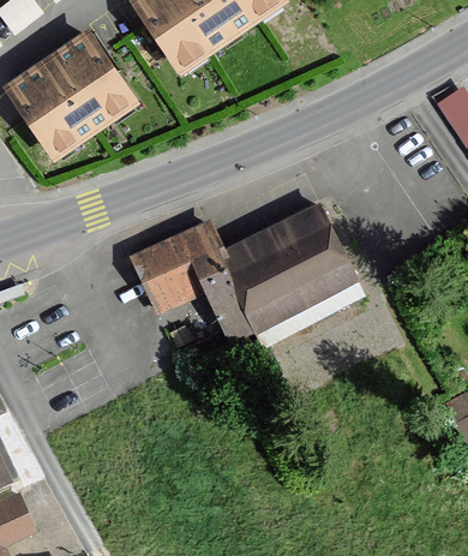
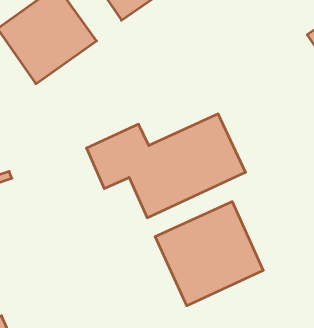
building: none -> [155,202,263,306]

